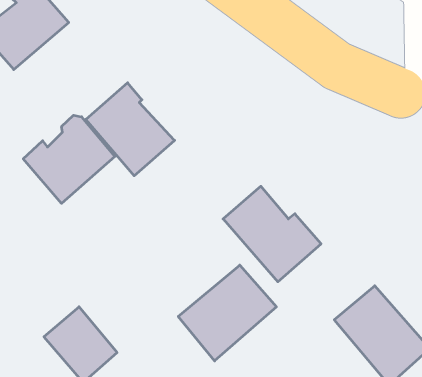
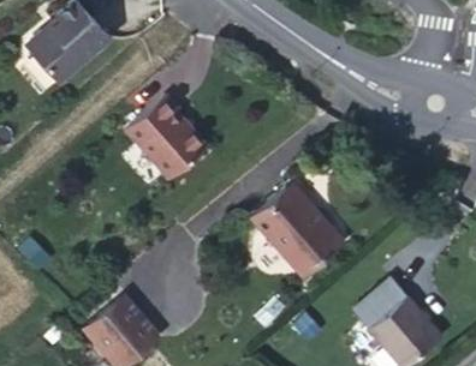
building: [23,115,115,203] -> none
building: [178,265,276,361] -> none

